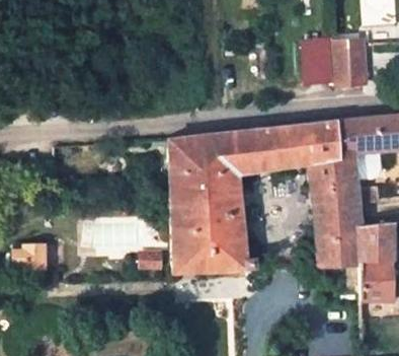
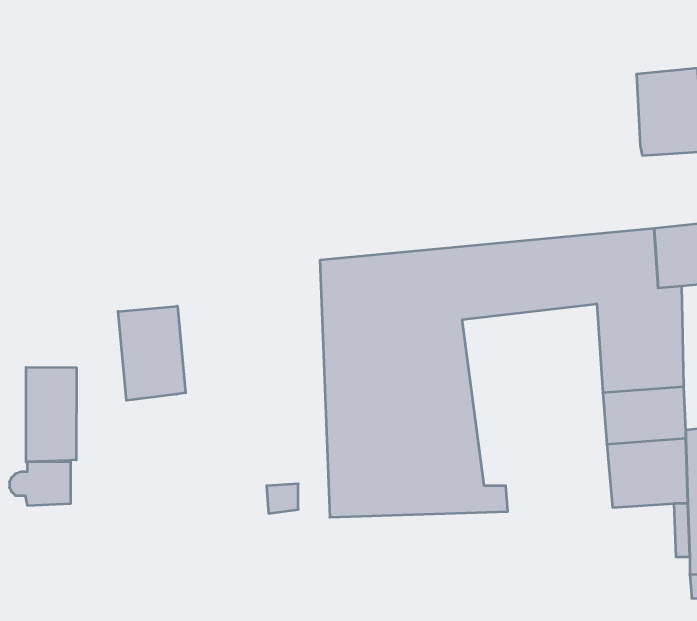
building: [307,39,334,82] -> none
building: none -> [118,306,186,400]
building: none -> [26,367,76,462]

